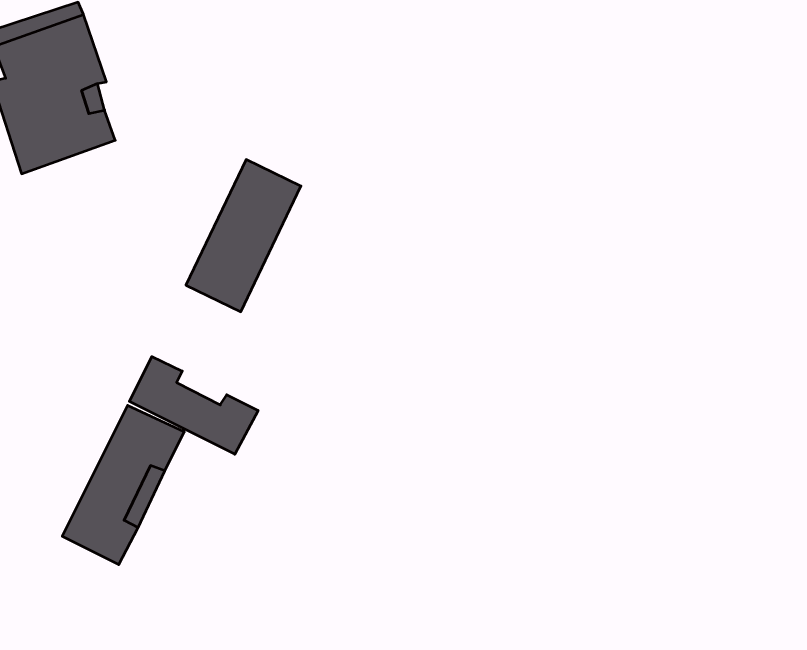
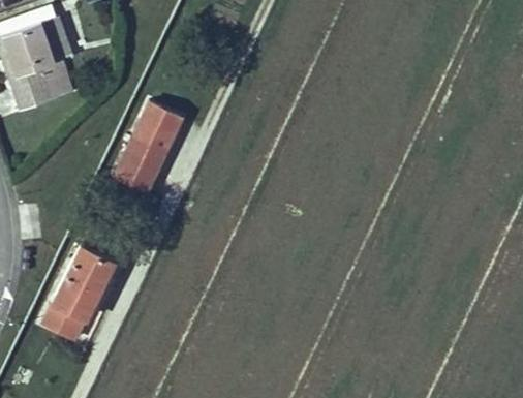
building: [129,357,258,454] -> none

